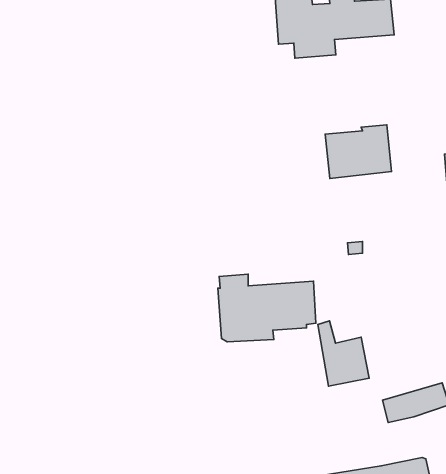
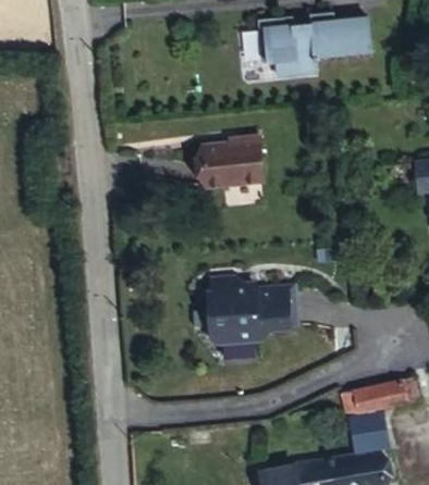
building: [325,125,392,179] -> [199,136,261,186]
building: [318,321,369,386] -> [347,395,395,456]

